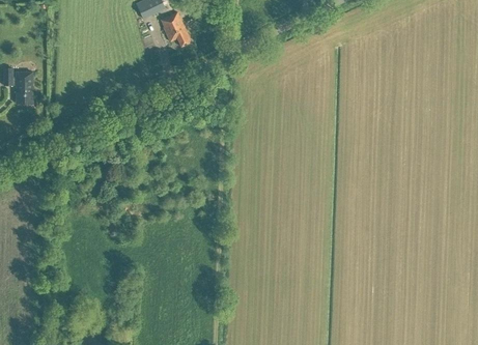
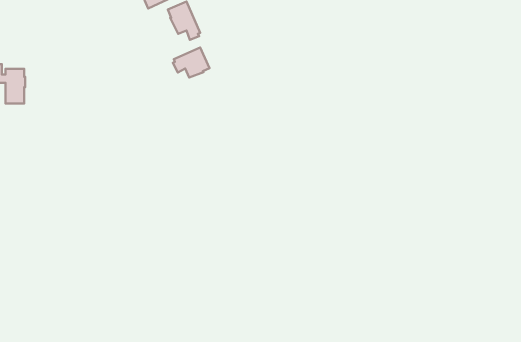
building: none -> [173,47,210,78]

